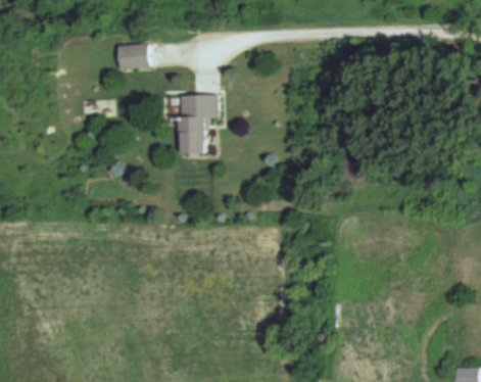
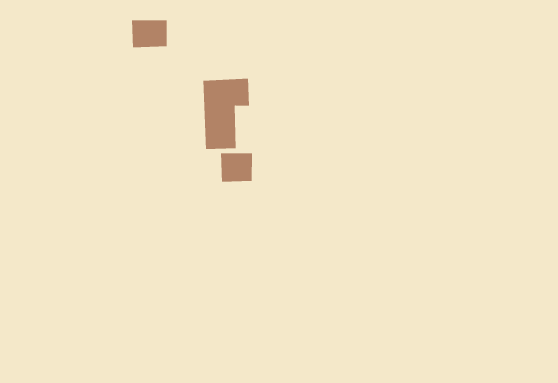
building: none -> [220,152,253,183]

